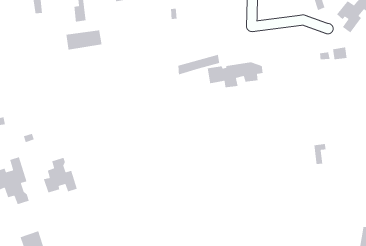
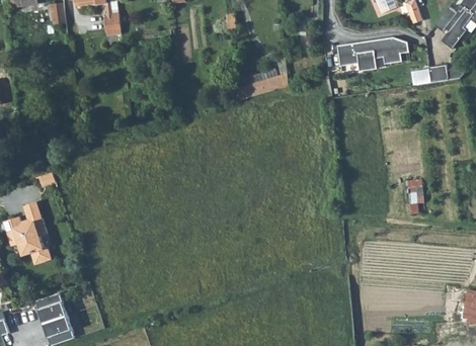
building: [65,30,103,50] -> none
building: [207,61,263,88] -> [337,36,408,70]
building: [43,157,78,193] -> none

